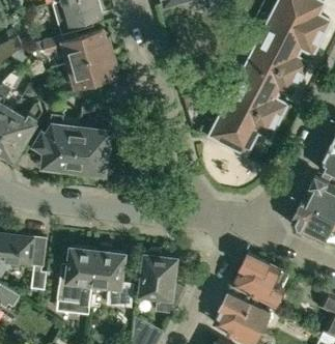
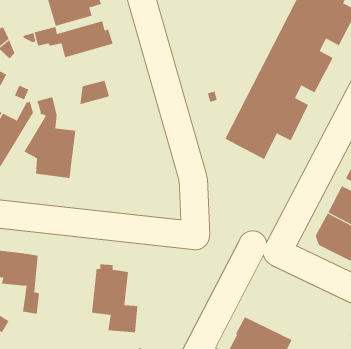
building: [52,51,116,97] -> none
building: [74,110,117,173] -> none
building: [57,247,96,314] -> none
building: [140,249,184,313] -> none
building: [232,253,289,306] -> none

